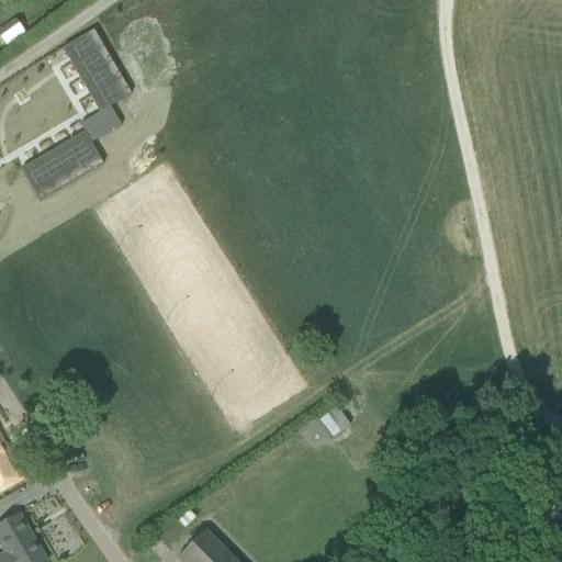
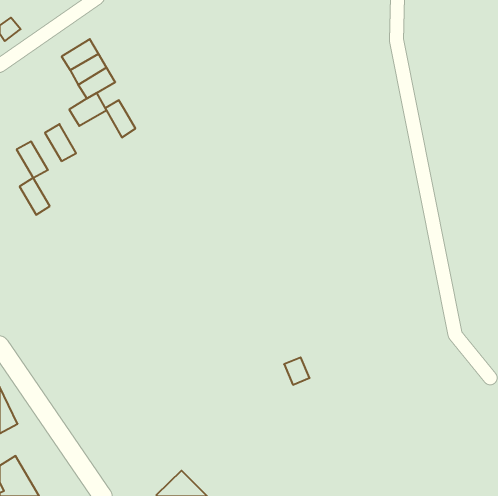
building: [60,29,101,64] -> none
building: [67,131,101,172] -> [105,100,135,137]
building: [35,149,69,191] -> [20,178,50,215]

